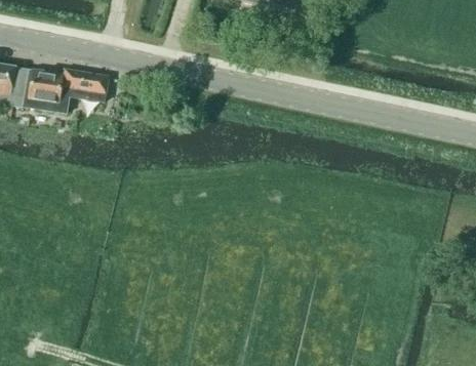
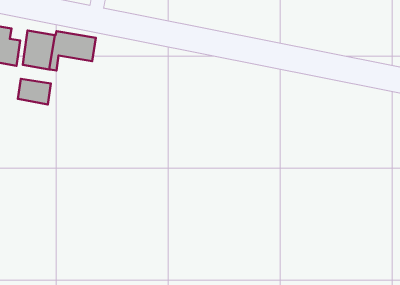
building: none -> [18,79,51,104]

